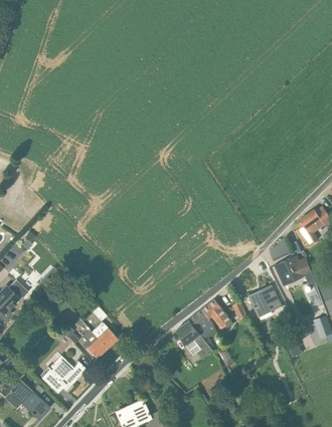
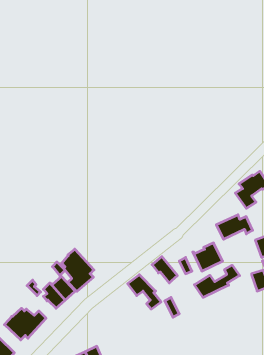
building: none -> [62,249,94,291]
building: [189,309,216,339] -> none
building: none -> [194,265,240,297]

